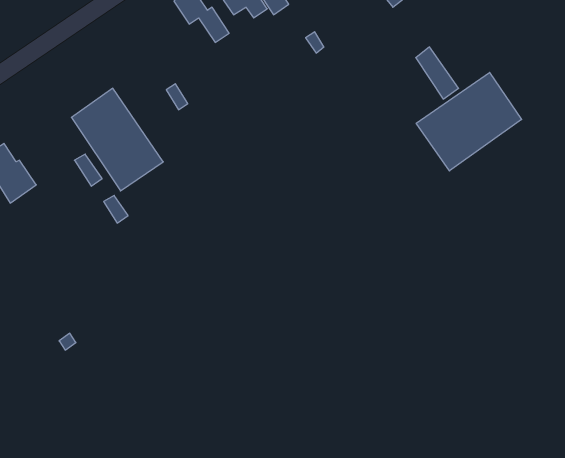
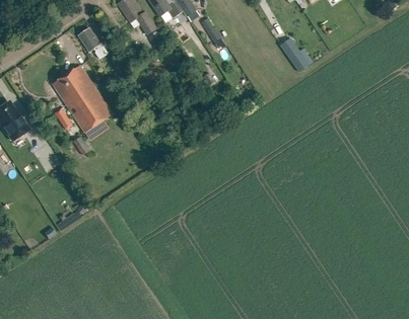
building: none -> [78,27,108,58]
building: [416,72,522,171] -> none

